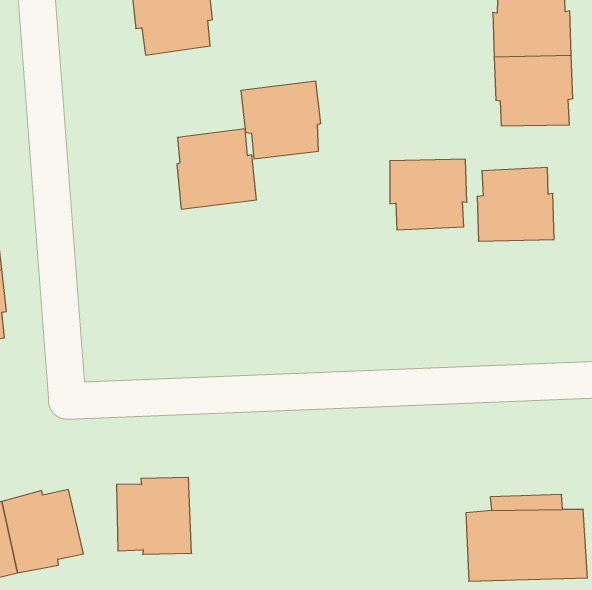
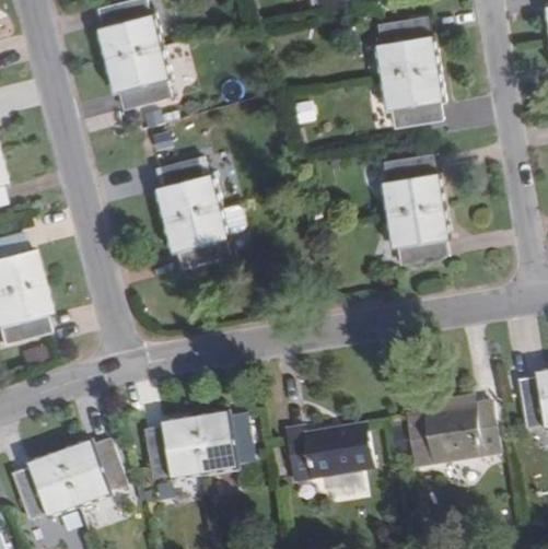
building: [241,81,321,159] -> [165,206,229,269]
building: [390,159,467,230] -> [388,206,450,265]
building: none -> [197,412,256,474]
building: none -> [283,424,374,482]

